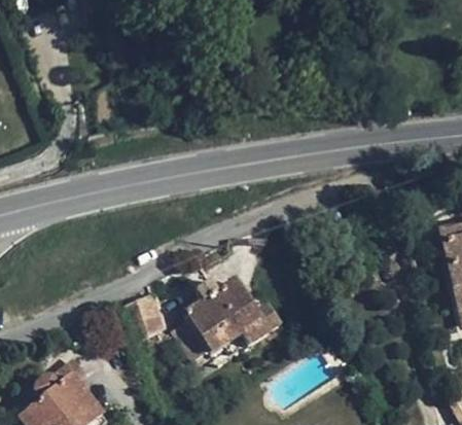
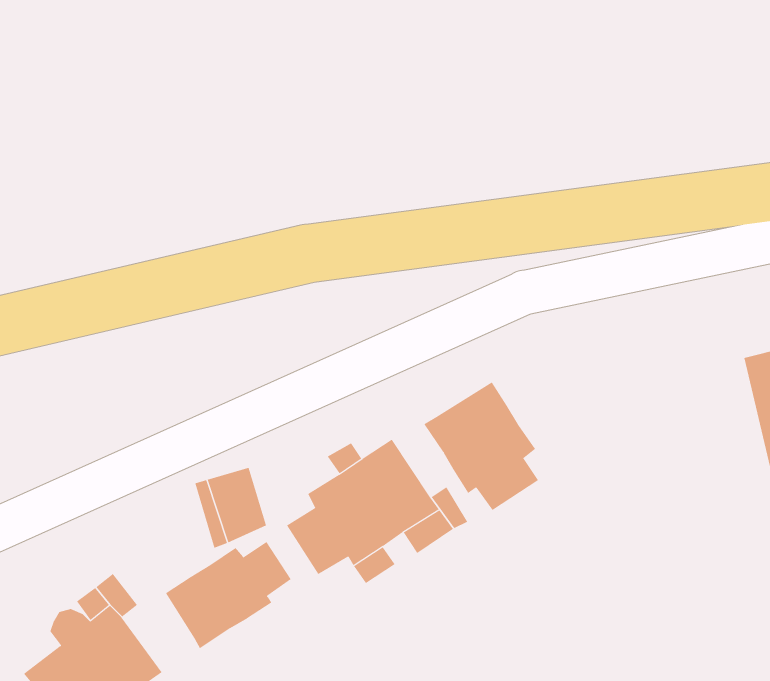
building: none -> [424,381,539,511]
building: none -> [165,541,291,649]

